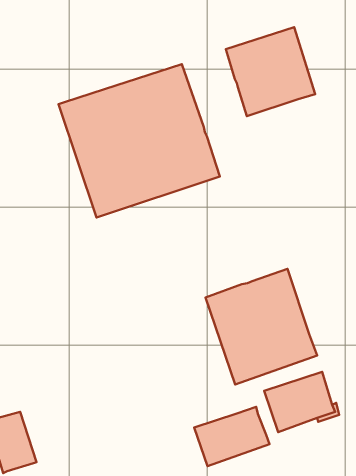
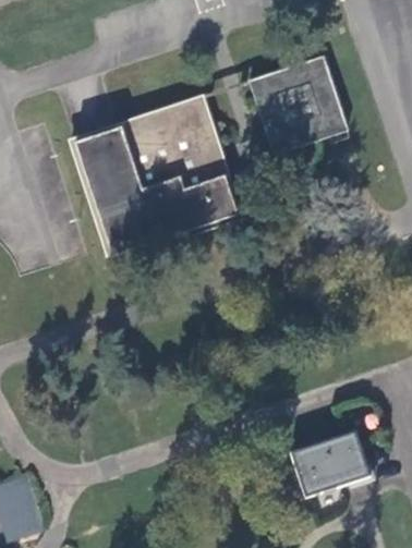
building: [205,269,317,384] -> none
building: [194,407,270,466] -> none

